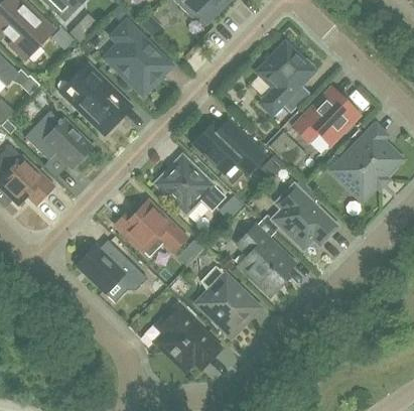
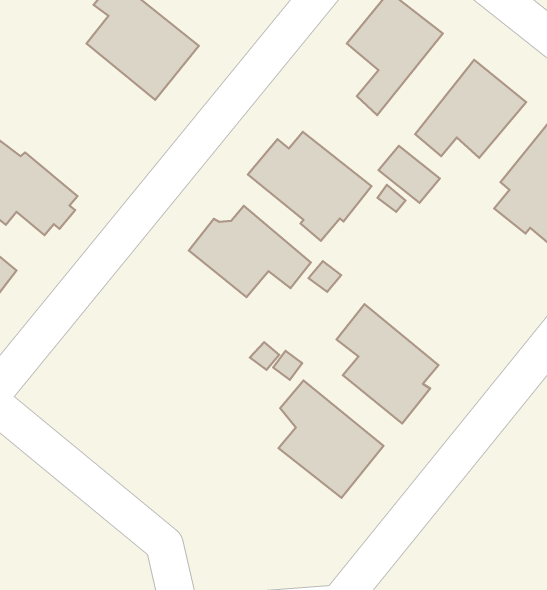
building: [60,63,132,134] -> none
building: [272,183,337,249] -> none
building: [116,199,187,256] -> none
building: [77,239,148,292] -> none
building: [156,305,221,370] -> none

